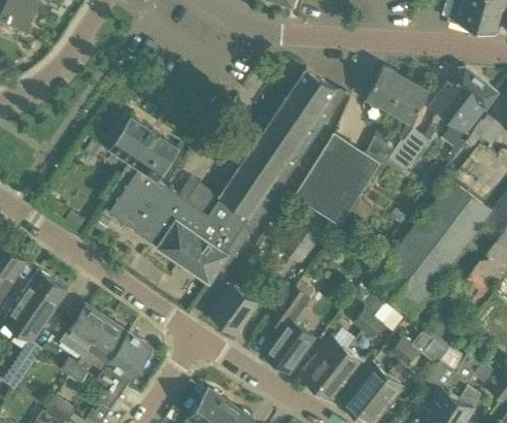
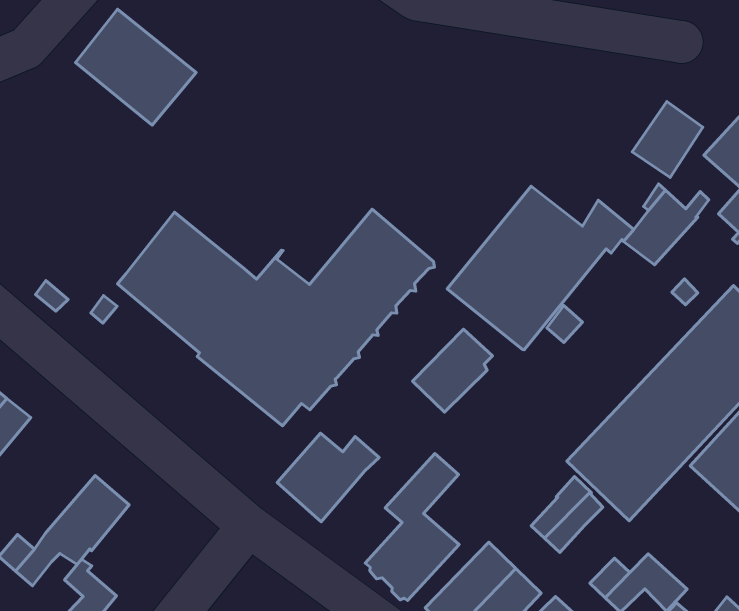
building: [367,67,406,109] -> none
building: [247,70,345,182] -> none
building: [109,118,177,181] -> [75,9,196,125]
building: [61,305,107,355] -> none
building: [104,332,151,386] -> none

